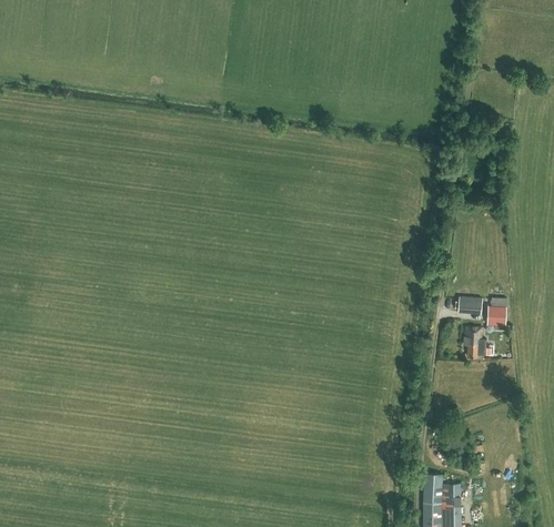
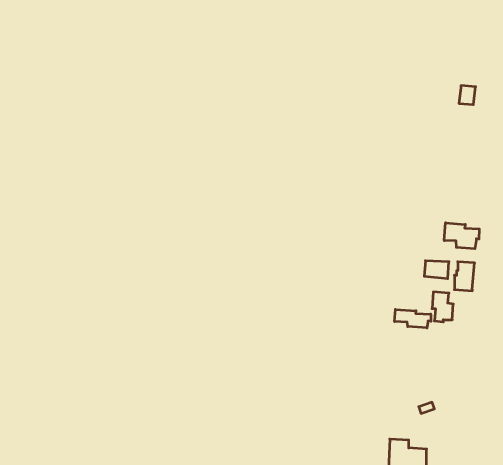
building: none -> [444,223,479,249]
building: none -> [395,309,431,328]

